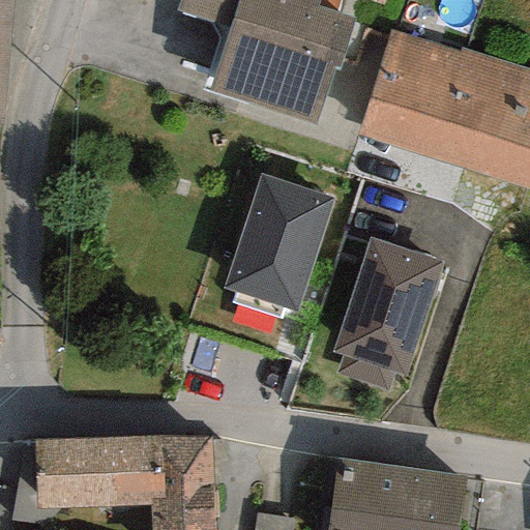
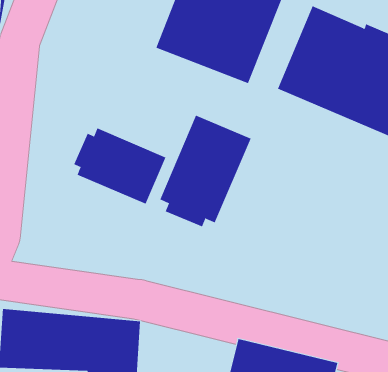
building: none -> [73,128,166,205]
building: [329,235,448,388] -> none

